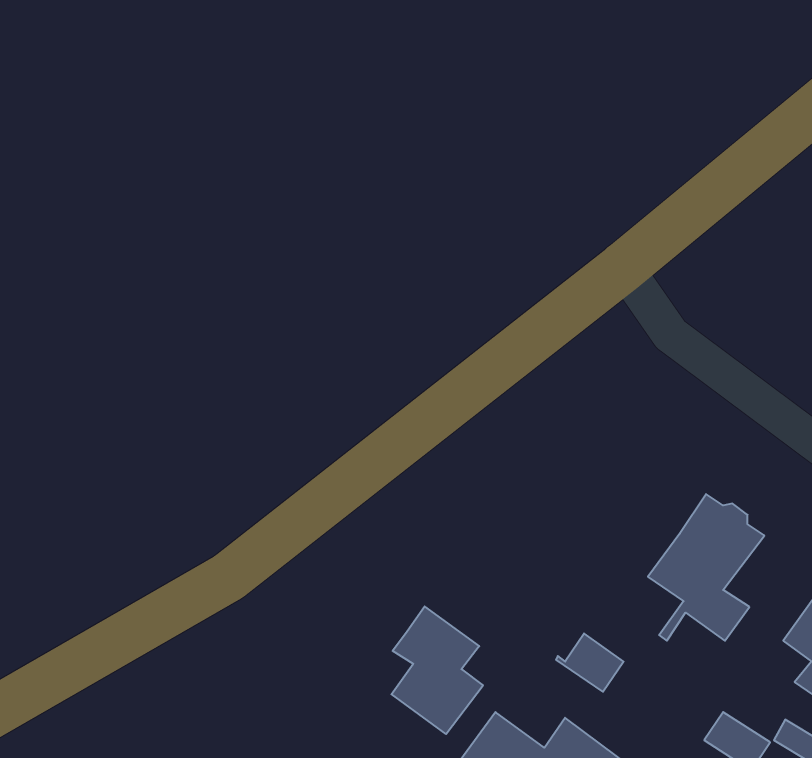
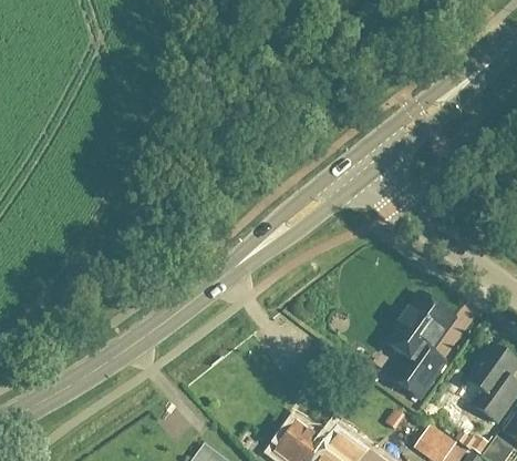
building: [391,606,483,734] -> none
building: [556,633,624,692] -> [393,363,433,398]

